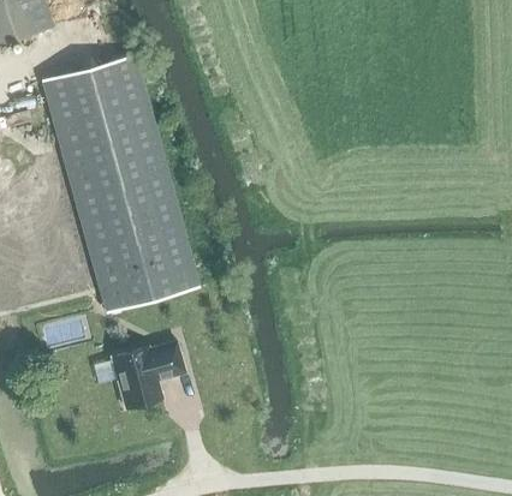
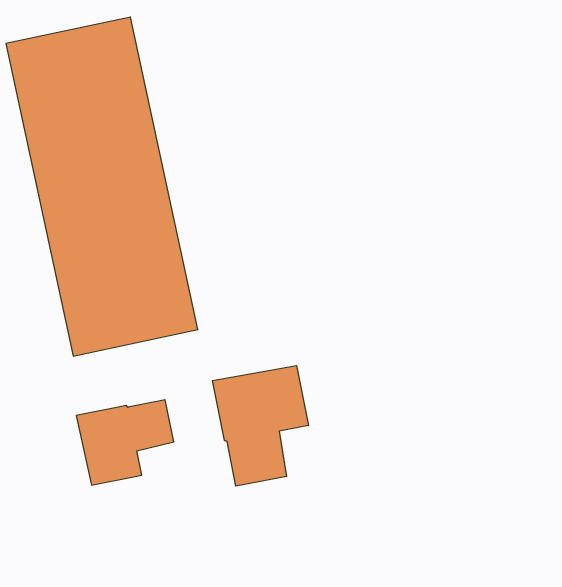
building: none -> [213,366,308,486]

